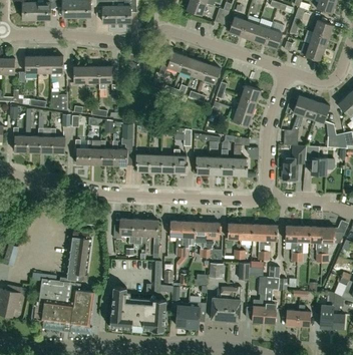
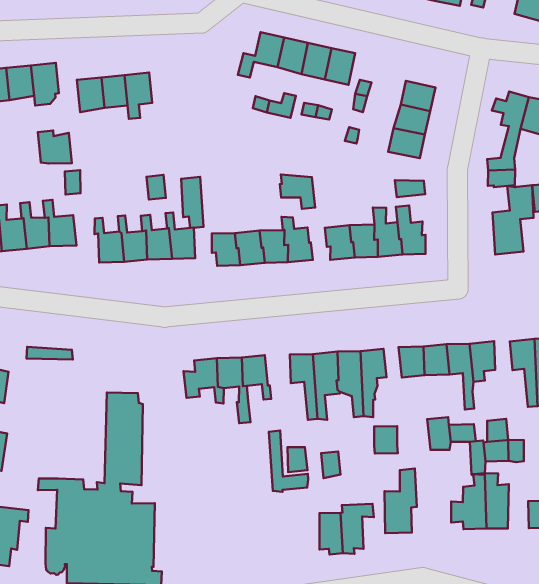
building: [110,286,166,333] -> none
building: [225,286,242,322] -> none

